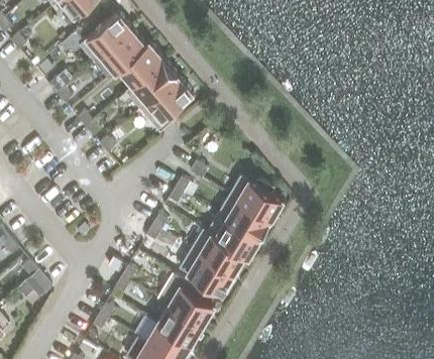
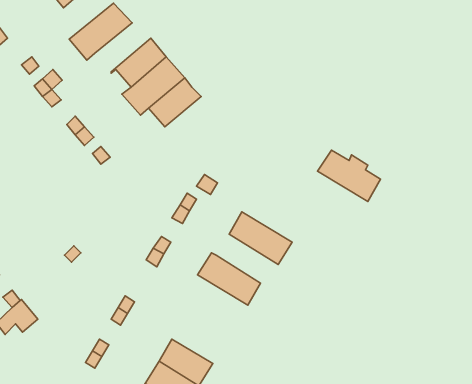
building: [101,31,149,74] -> none
building: [228,176,283,221] -> [318,150,381,201]
building: [206,214,259,259] -> none
building: [179,249,233,294] -> none
building: [168,285,214,326] -> none

